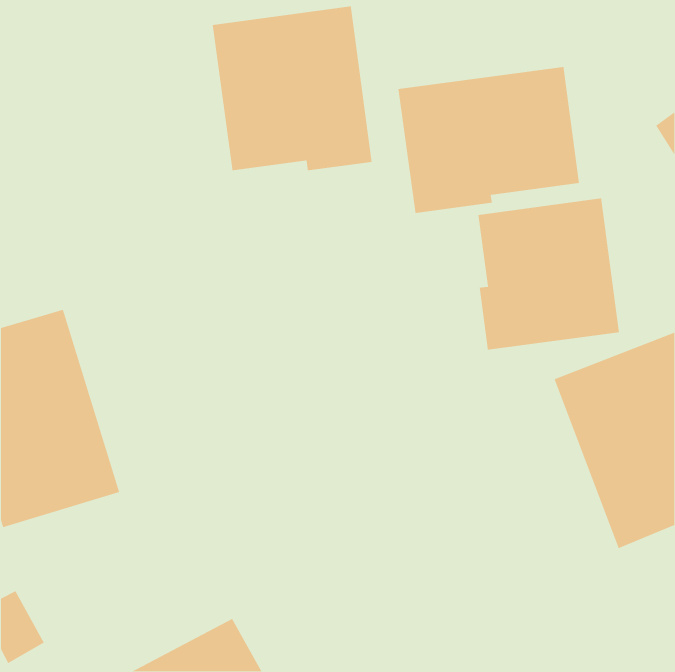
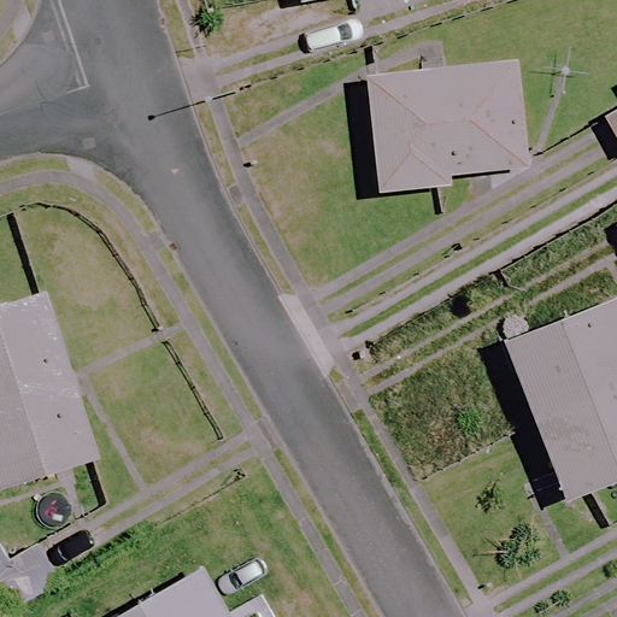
building: [212,6,372,171] -> none
building: [477,198,620,350] -> none

